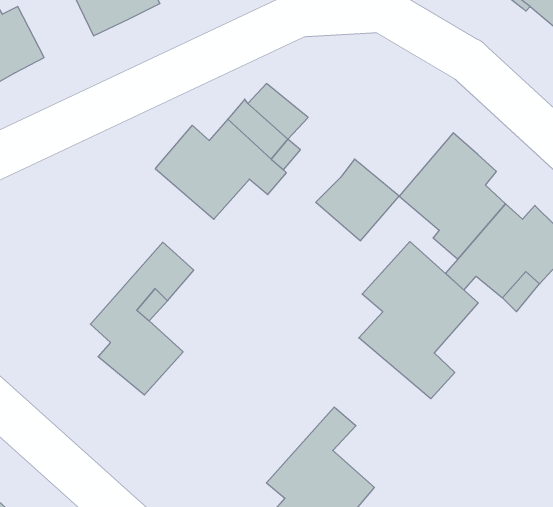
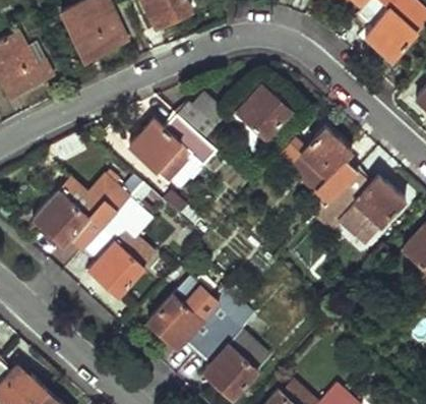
building: [316,159,399,241] -> [234,85,289,139]
building: none -> [32,175,131,251]
building: [359,242,478,399] -> none
building: none -> [148,279,244,356]

